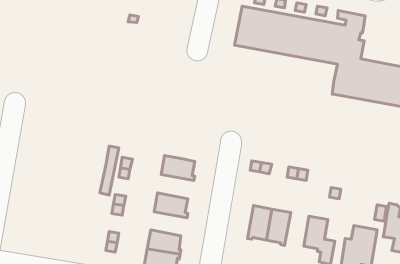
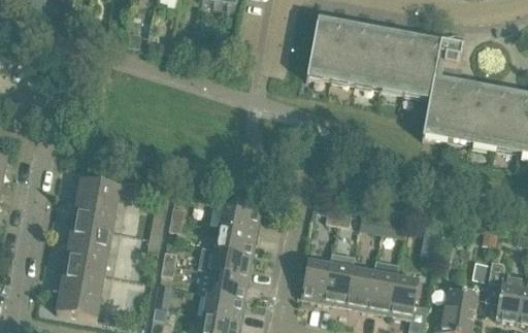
building: none -> [56,177,121,318]
building: none -> [216,226,259,255]
building: none -> [301,259,330,302]
building: none -> [367,260,398,311]
building: none -> [195,268,251,299]

